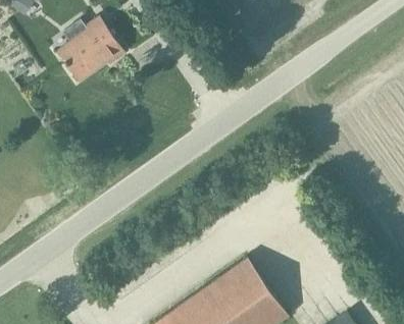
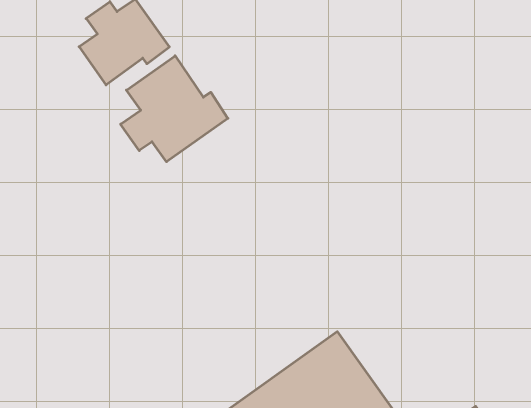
building: none -> [121,56,228,162]

